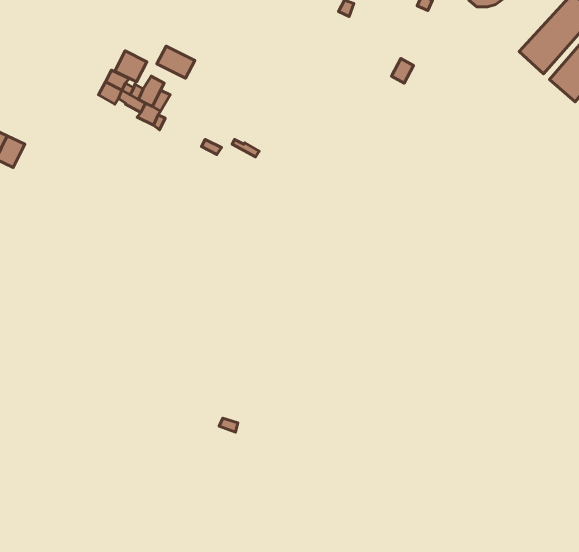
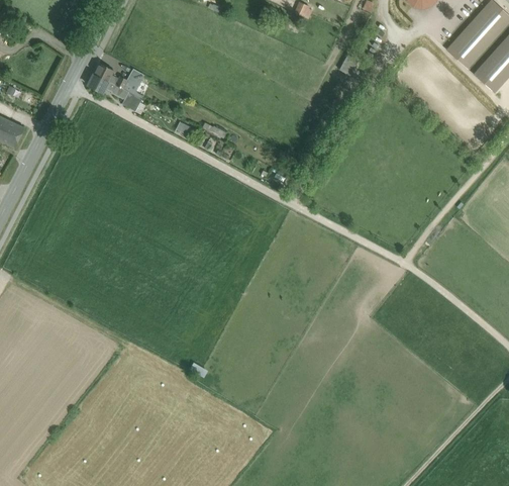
building: [157,46,195,78] -> none
building: [115,51,147,82] -> none

